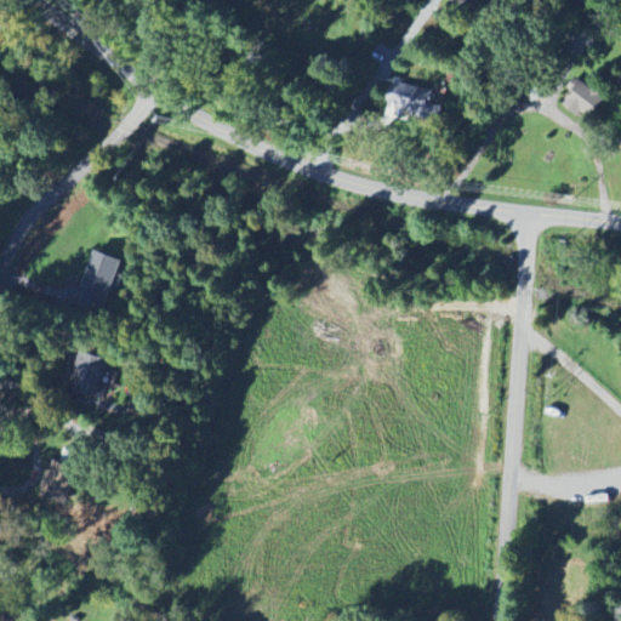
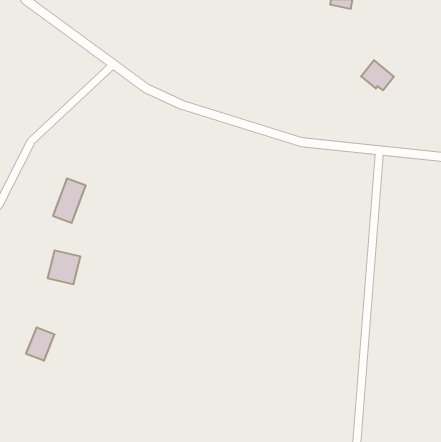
building: [557,74,603,116] -> [361,60,394,90]
building: [383,79,444,119] -> none

